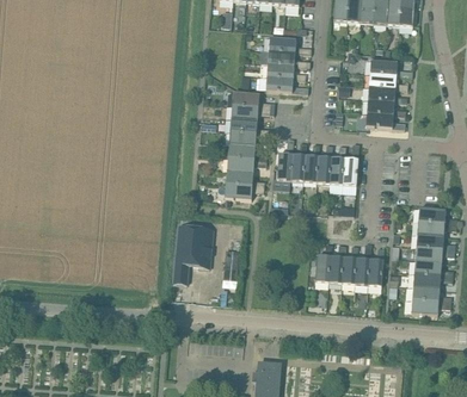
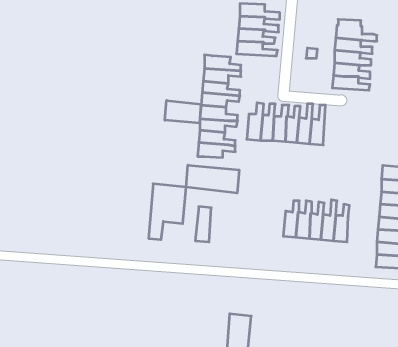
building: none -> [165,100,201,123]
building: none -> [186,165,239,193]

